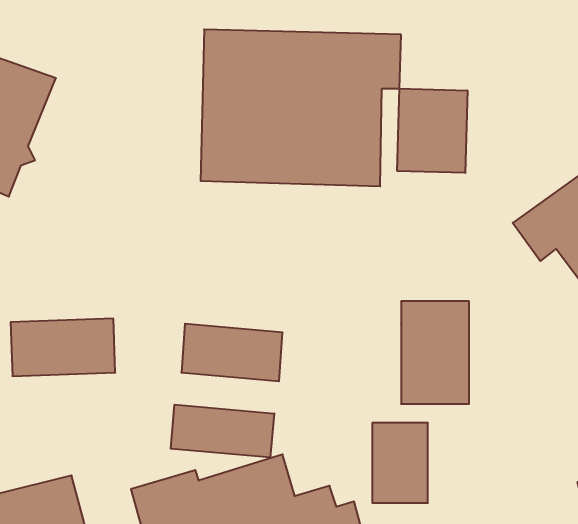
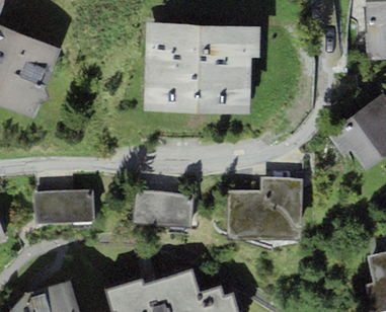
building: [397,89,467,173] -> none
building: [171,405,274,458] -> none
building: [372,423,428,503] -> [229,192,261,239]

